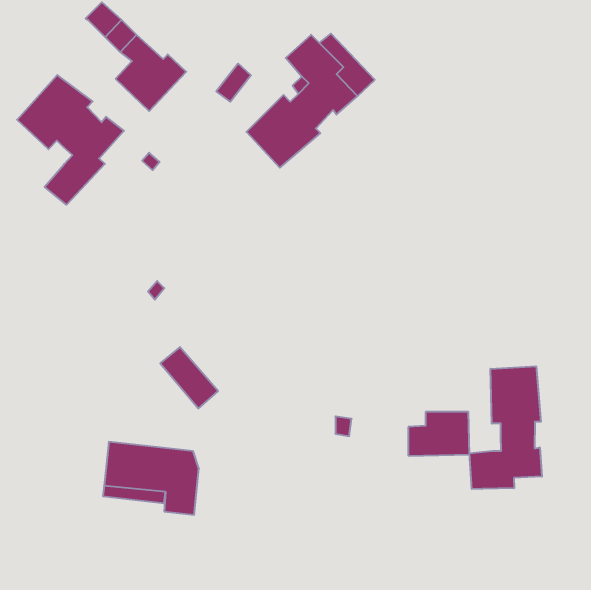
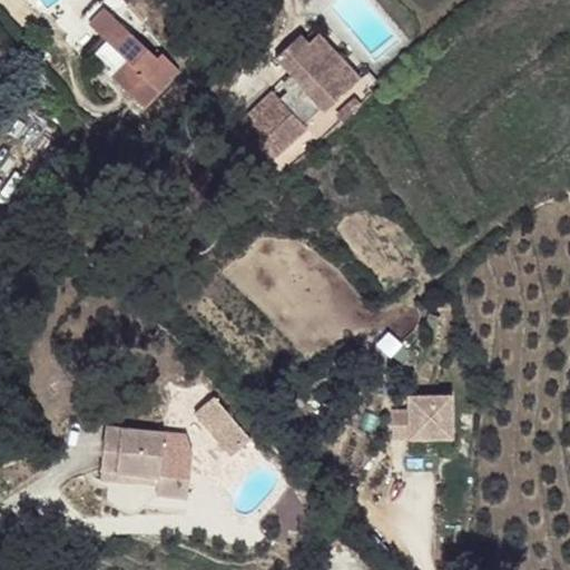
building: [17,75,124,205] -> none
building: [160,347,218,408] -> [195,394,250,453]
building: [470,366,542,489] -> none

